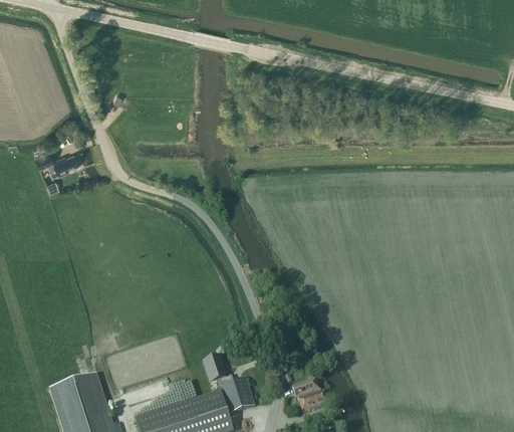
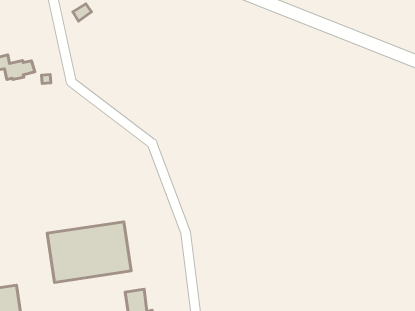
building: none -> [47,222,131,282]

